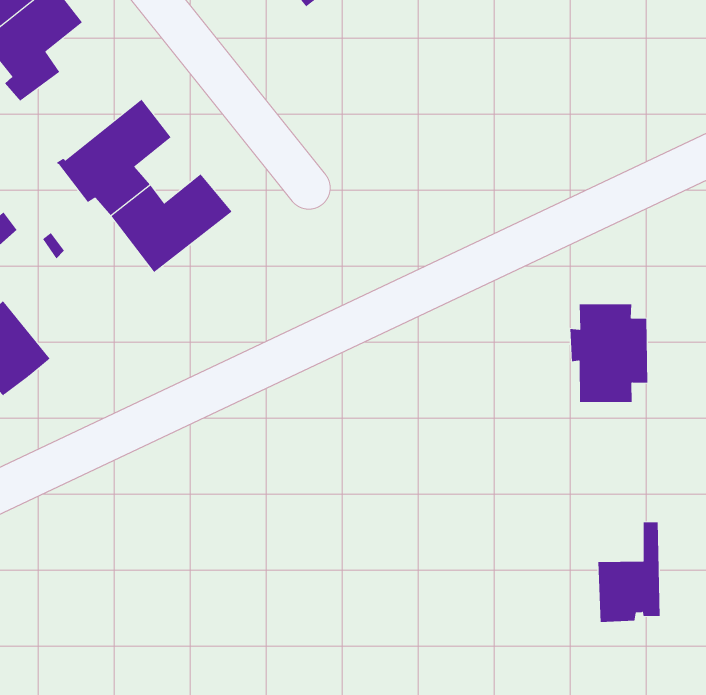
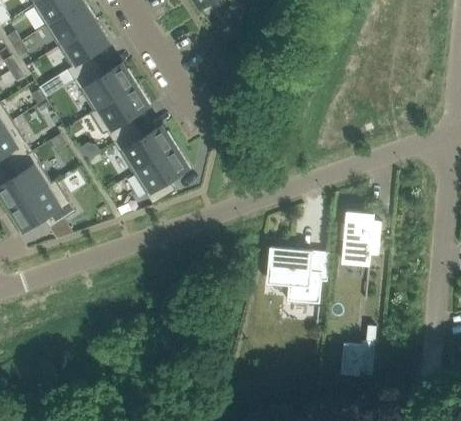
building: none -> [74,64,136,112]
building: none -> [133,147,189,205]
building: none -> [268,248,321,304]

